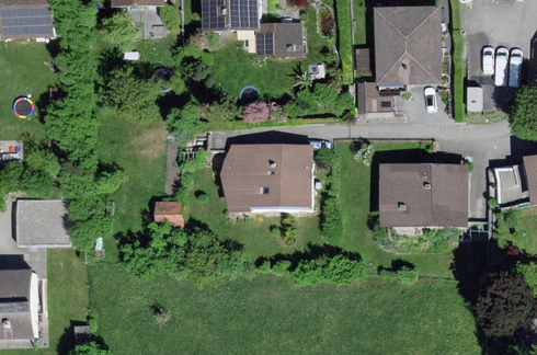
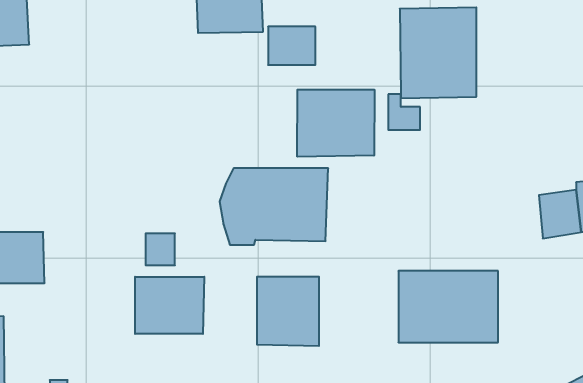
building: none -> [297,90,374,157]
building: [380,164,466,226] -> [398,271,498,342]
building: none -> [257,277,319,346]
building: none -> [135,277,204,334]

